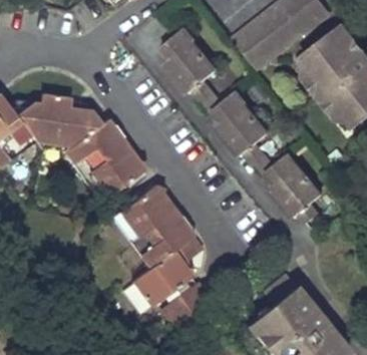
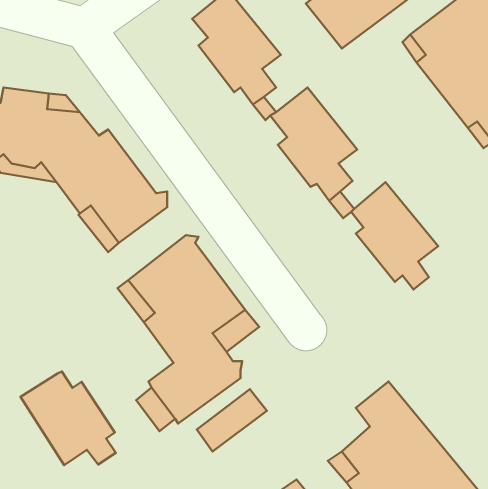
building: none -> [20,371,116,465]

